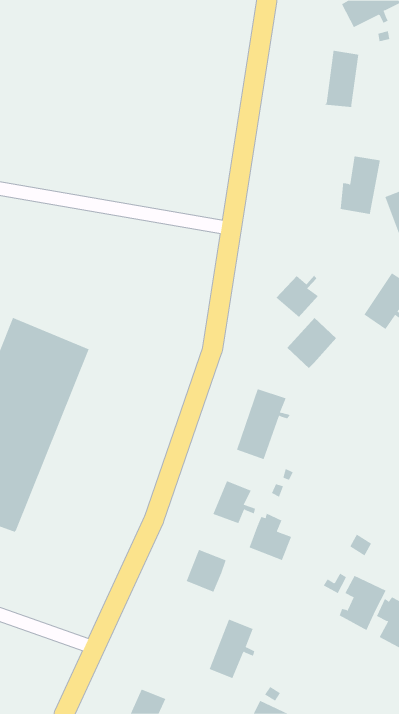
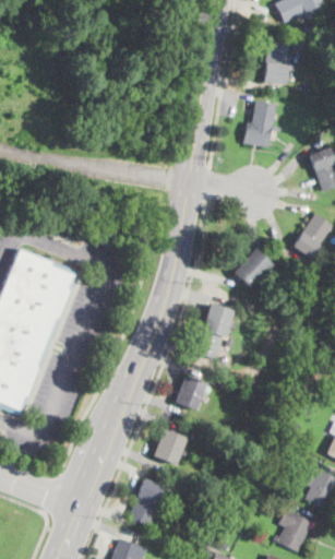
building: [340,156,380,215] -> [246,100,277,146]
building: [276,275,319,318] -> none
building: [249,513,292,561] -> none
building: [339,575,386,631] -> [275,509,312,552]
building: [209,619,255,679] -> [130,478,166,525]

